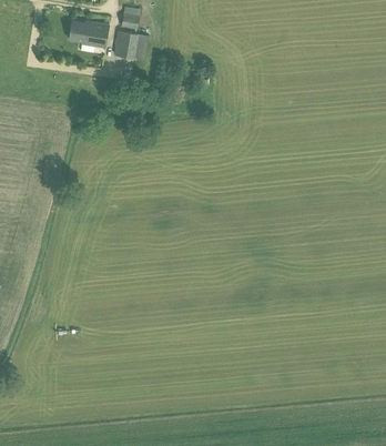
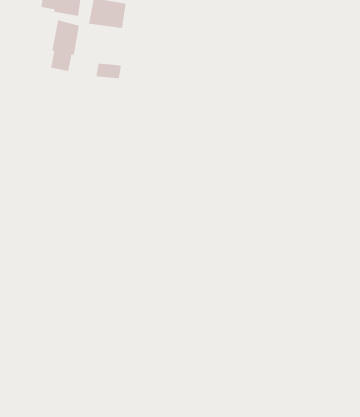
building: none -> [51,19,80,72]

